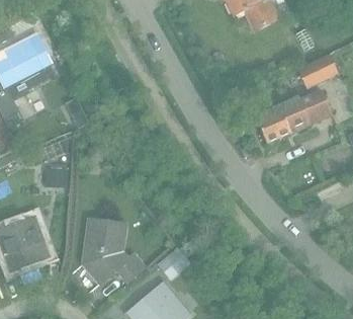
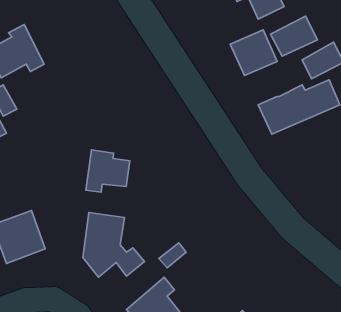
building: none -> [271,16,318,56]
building: none -> [230,30,277,76]
building: none -> [86,150,130,192]

